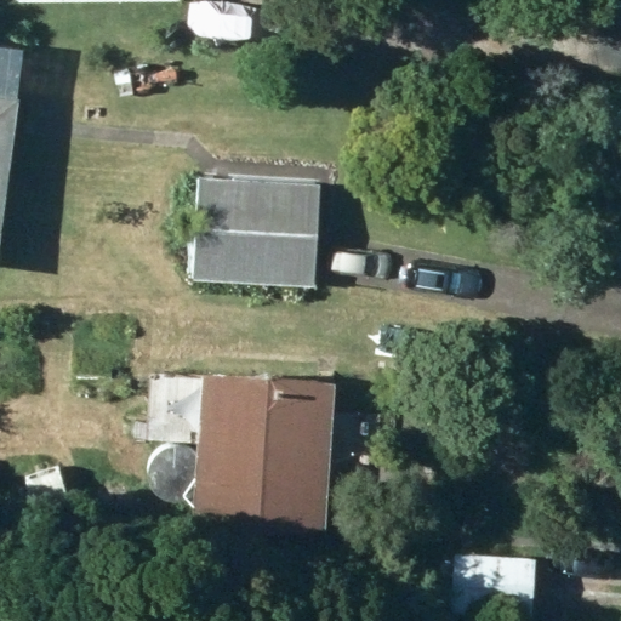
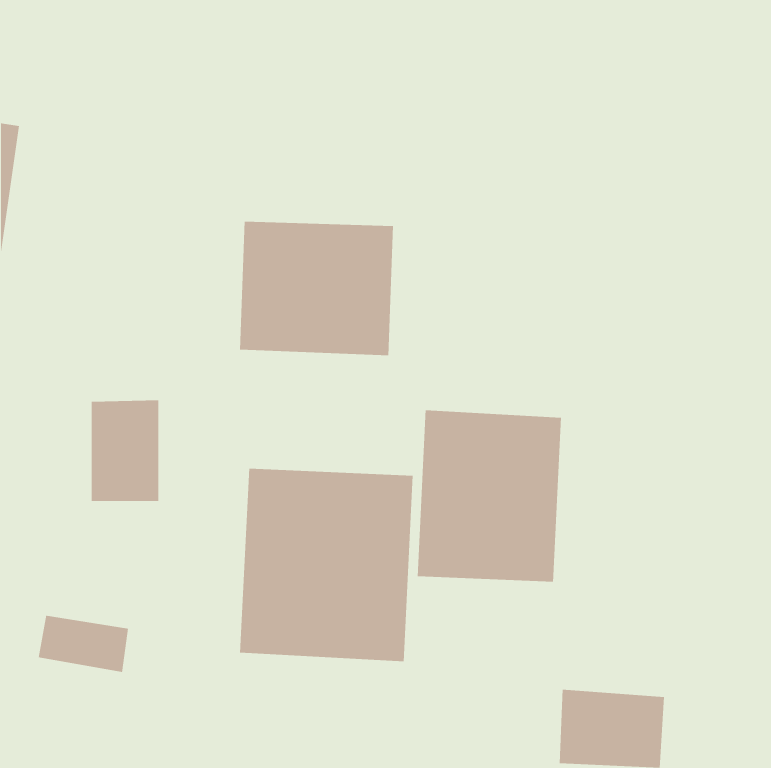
building: none -> [417,409,562,583]

